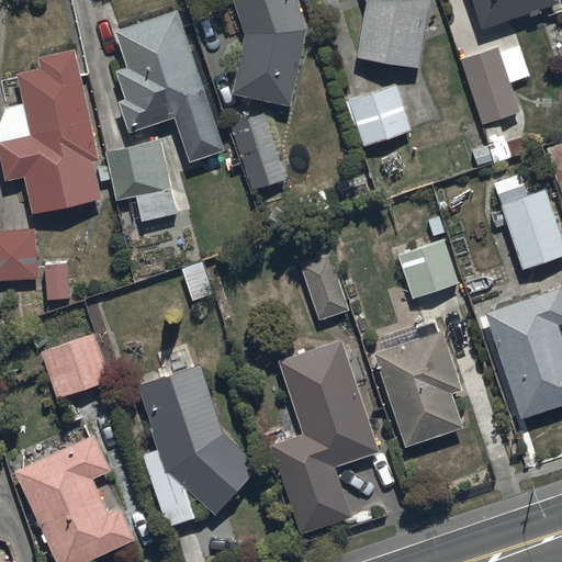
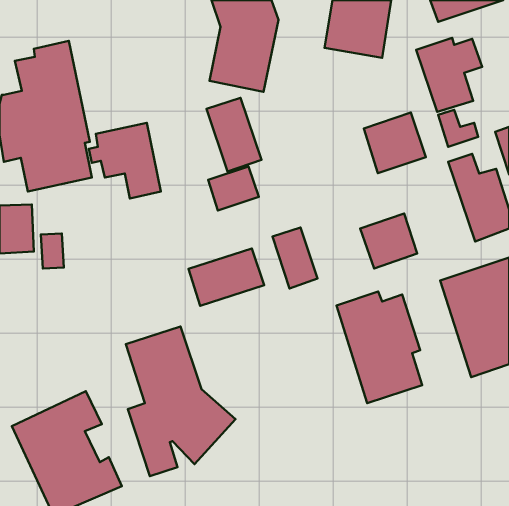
building: [116,10,224,161] -> none
building: [344,82,412,149] -> [364,112,426,173]
building: none -> [208,167,259,211]
building: none -> [189,248,264,306]
building: [41,334,110,400] -> none
building: [270,340,379,535] -> none

